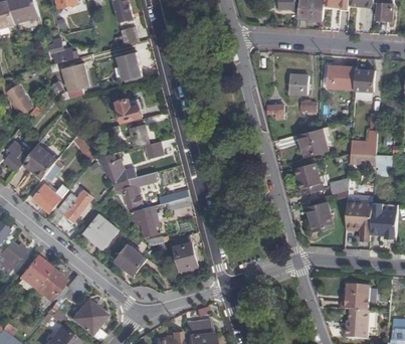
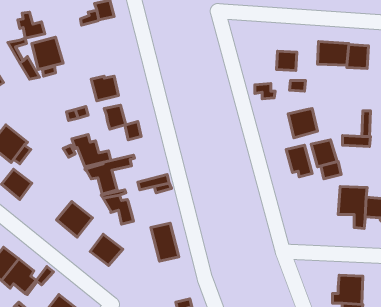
building: [117,51,142,80] -> none
building: [57,191,91,221] -> none
building: [308,204,332,229] -> [311,140,337,167]

